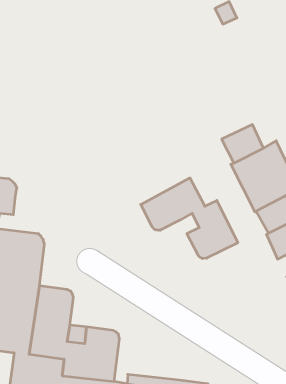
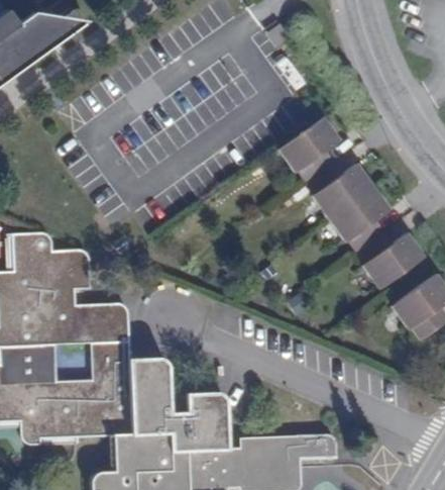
building: none -> [279,115,340,172]
building: [141,178,238,259] -> none

